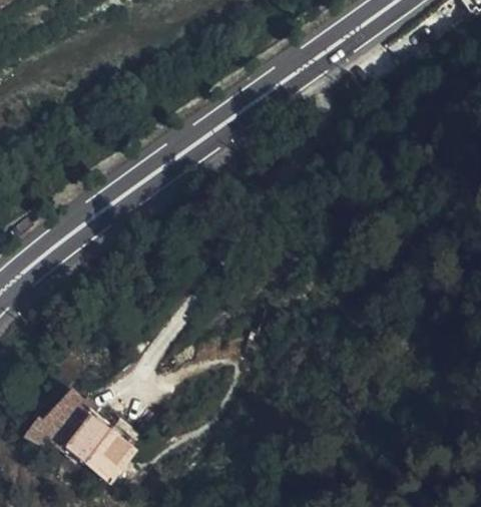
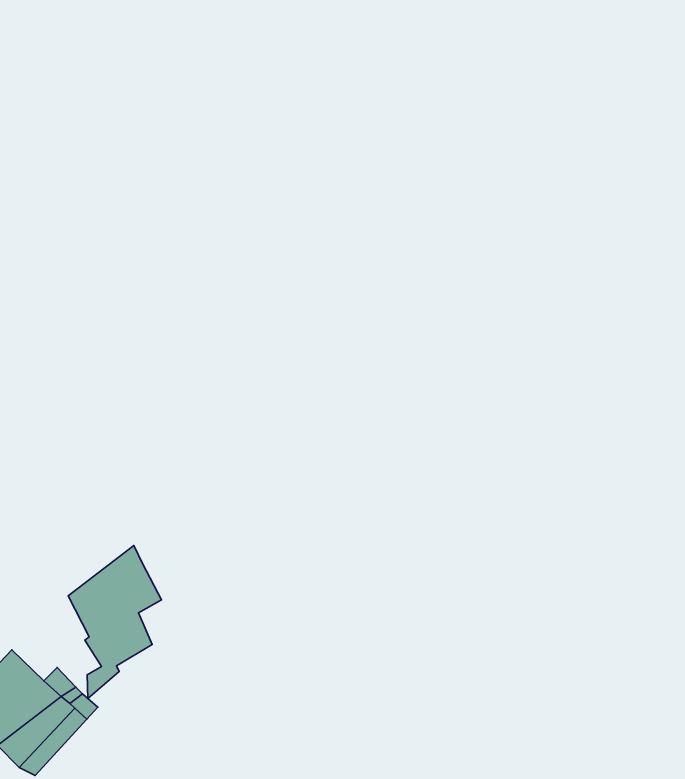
building: none -> [68,546,161,698]

